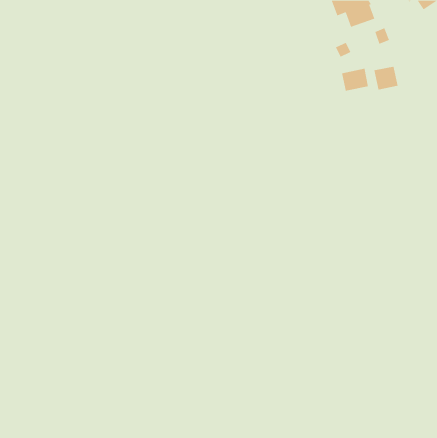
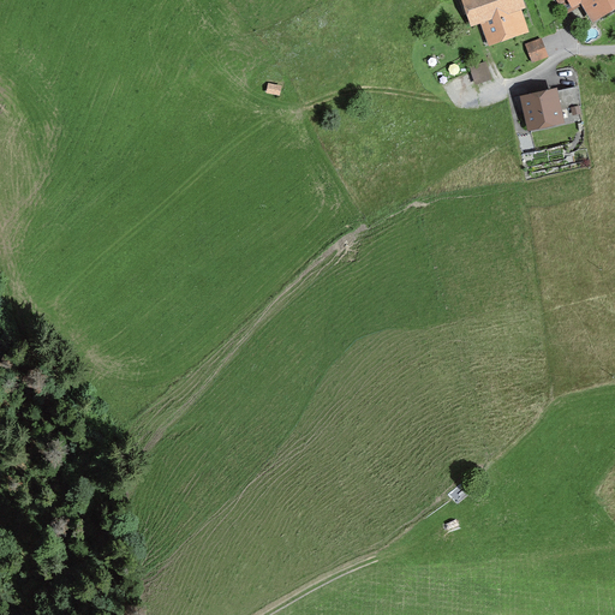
building: [342,68,369,92] -> none

